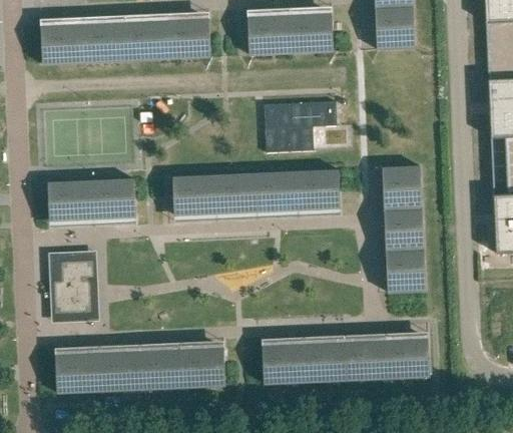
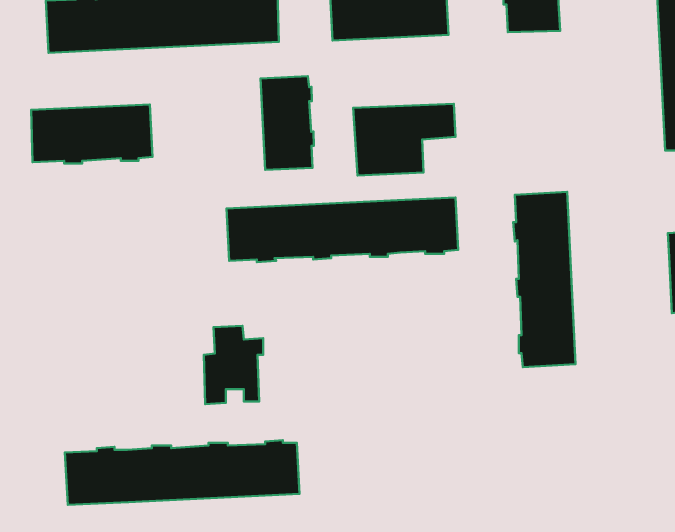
building: none -> [261,76,314,170]
building: [48,178,136,222] -> [31,104,152,164]
building: [52,259,95,316] -> [204,326,263,404]
building: [263,337,430,384] -> none

